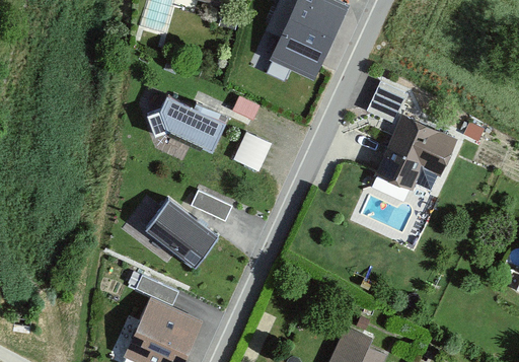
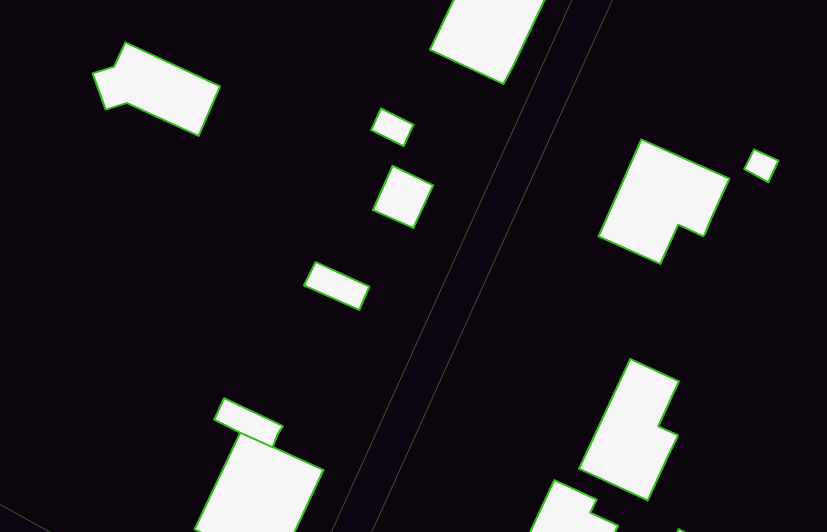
building: [366,80,407,123] -> none
building: [146,94,225,152] -> [93,42,220,136]
building: [144,198,218,266] -> none
building: none -> [579,359,679,501]

